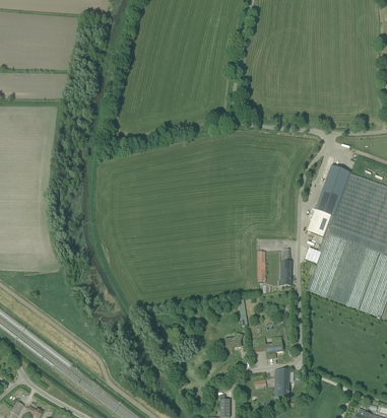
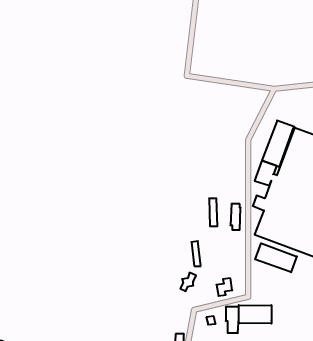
building: none -> [255,243,297,272]
building: none -> [239,305,271,324]

